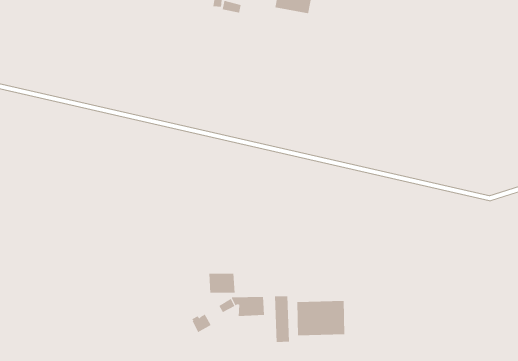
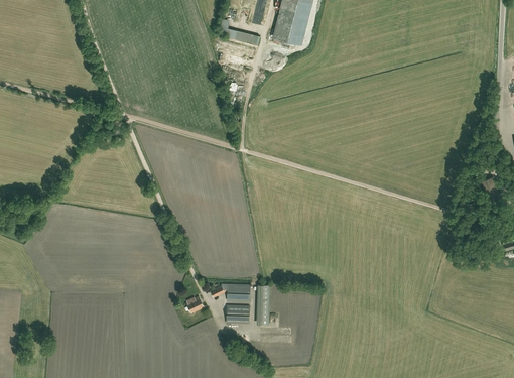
building: [209,273,235,293] -> [227,304,249,323]
building: [297,300,345,336] -> none

